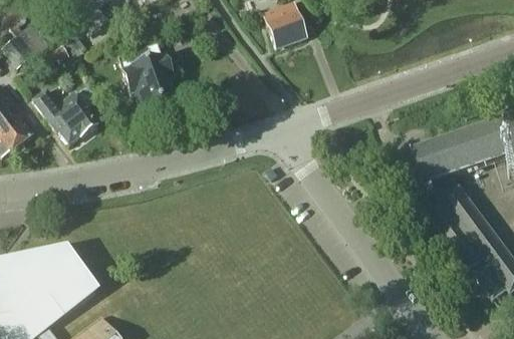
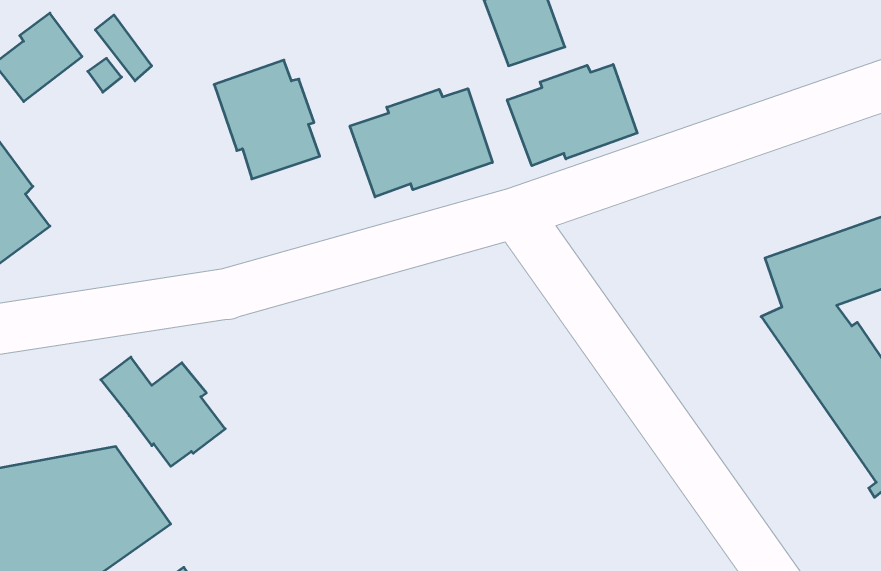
building: none -> [507,64,637,166]
building: none -> [350,89,492,197]
building: [32,88,98,146] -> [101,357,225,466]

